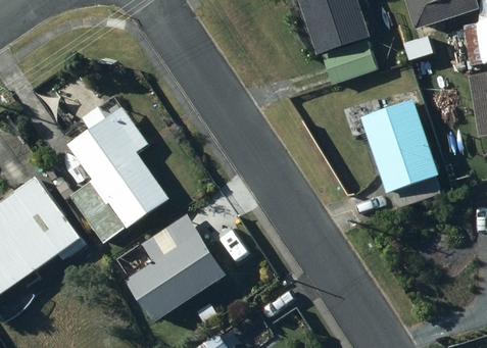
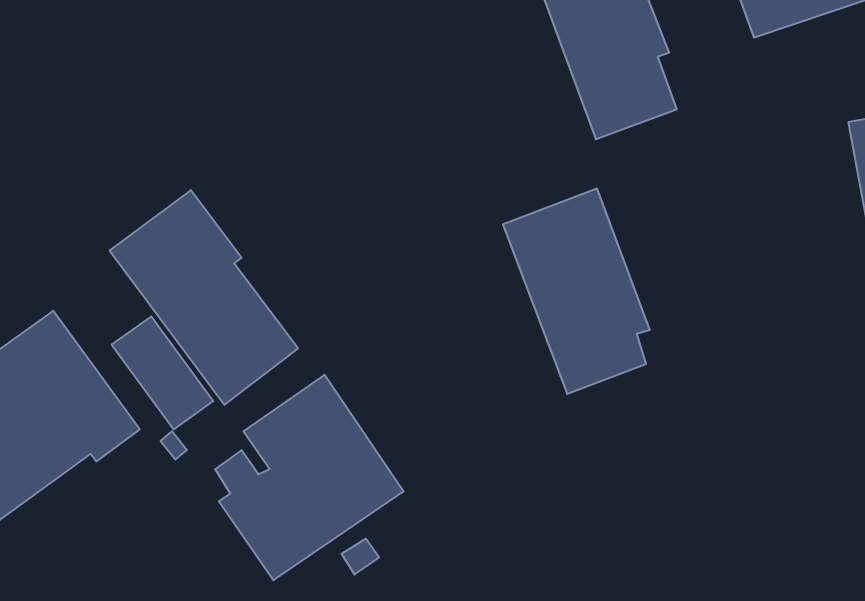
building: [360,98,440,209] -> [503,189,650,394]

